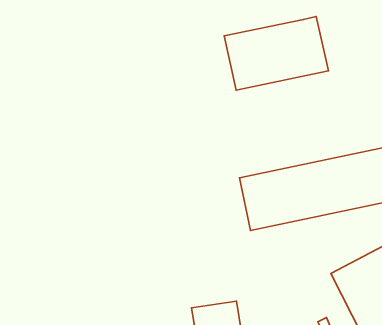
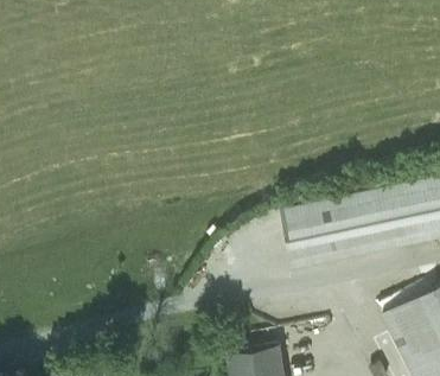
building: [224,16,328,90] -> none

